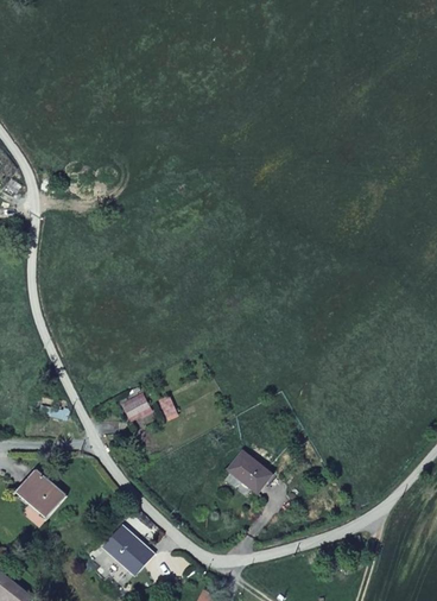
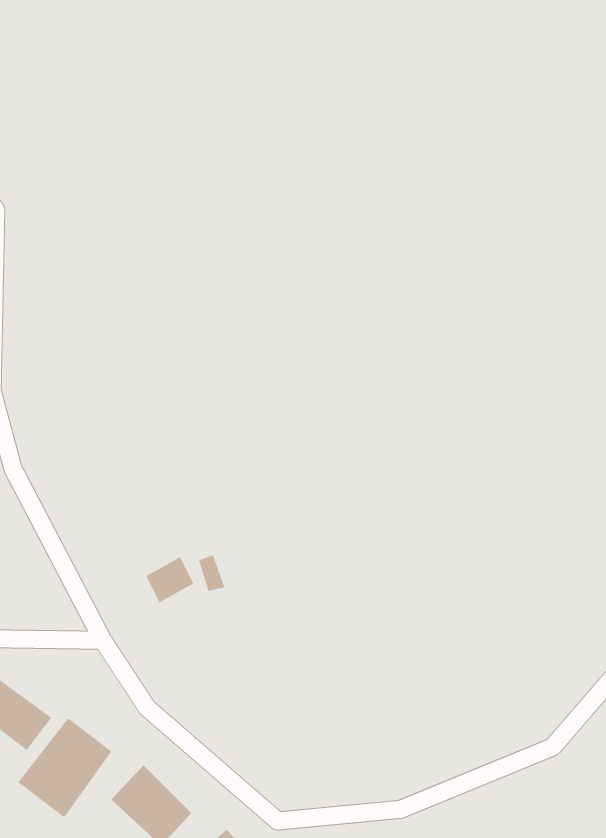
building: [227,450,273,495] -> none
building: none -> [17,717,112,818]

